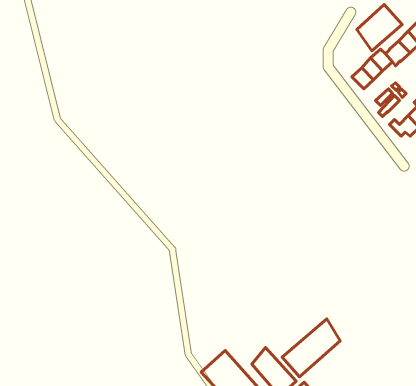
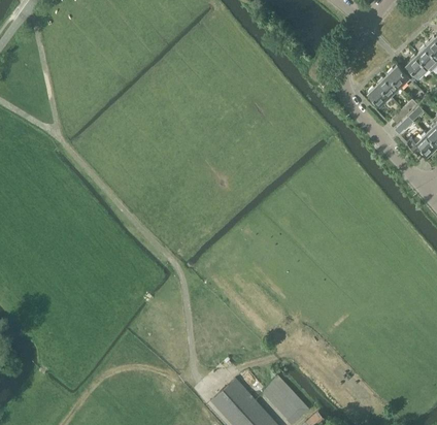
building: [357,5,402,51] -> none
building: [282,319,340,377] -> none

